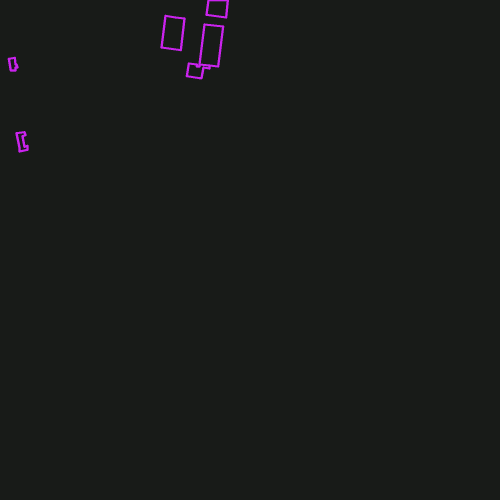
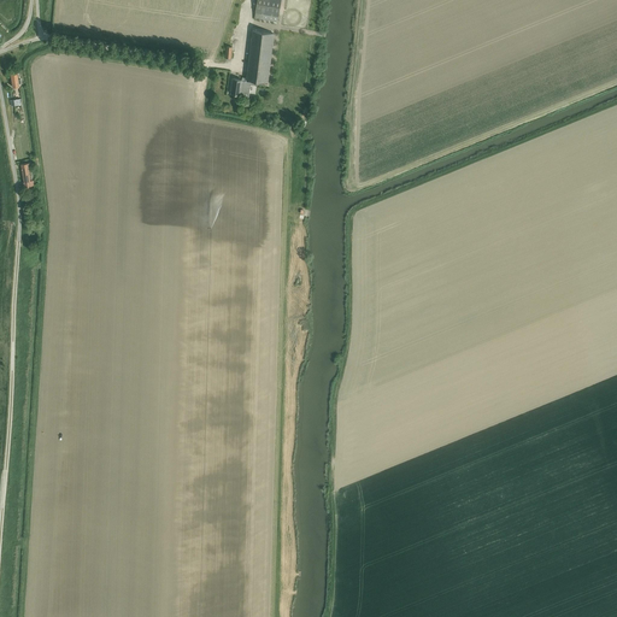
building: [161,16,185,50] -> none

